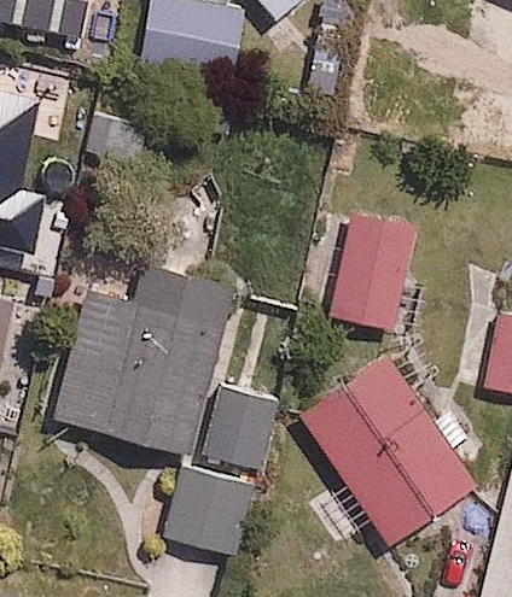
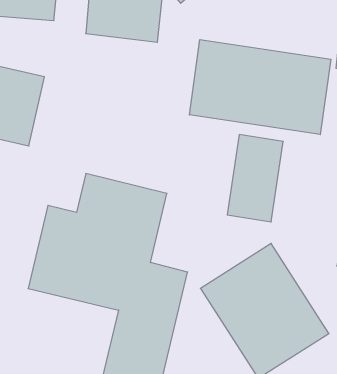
building: none -> [189,40,331,135]

